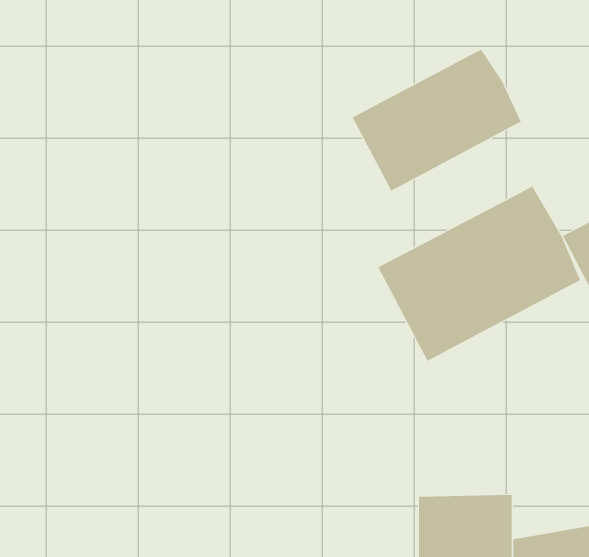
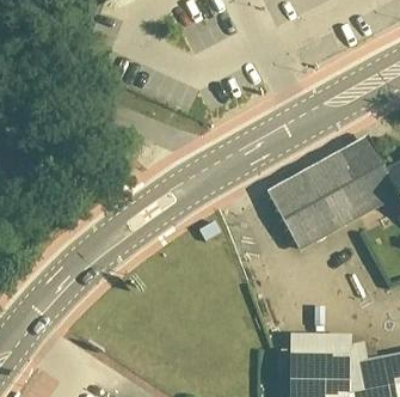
building: [352,49,521,191] -> none

